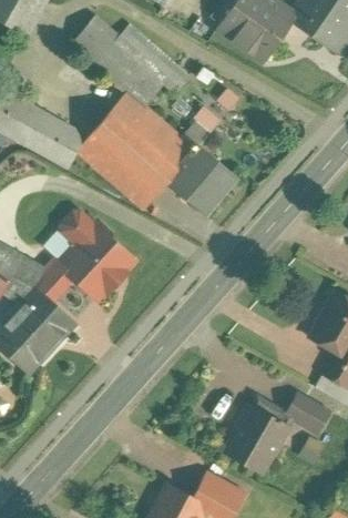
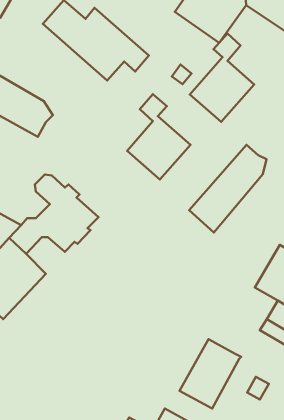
building: none -> [190,34,254,122]
building: [74,92,194,211] -> none
building: none -> [189,145,266,232]
building: [286,393,329,433] -> none

